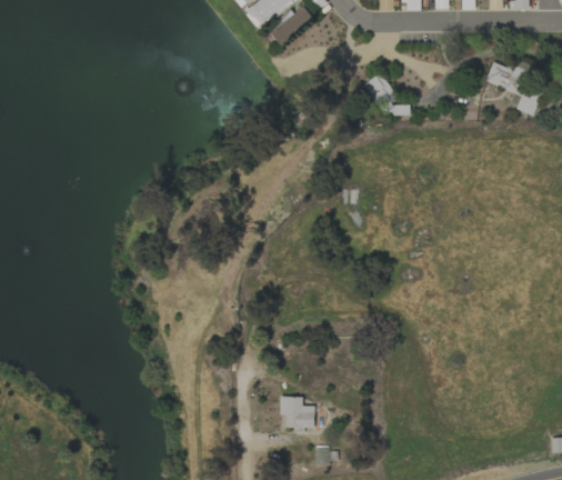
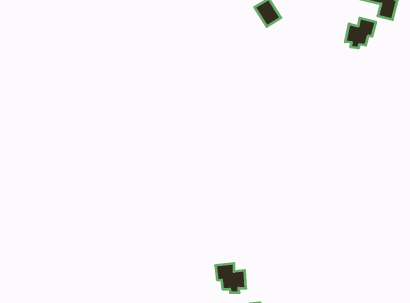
building: none -> [345,18,376,48]

